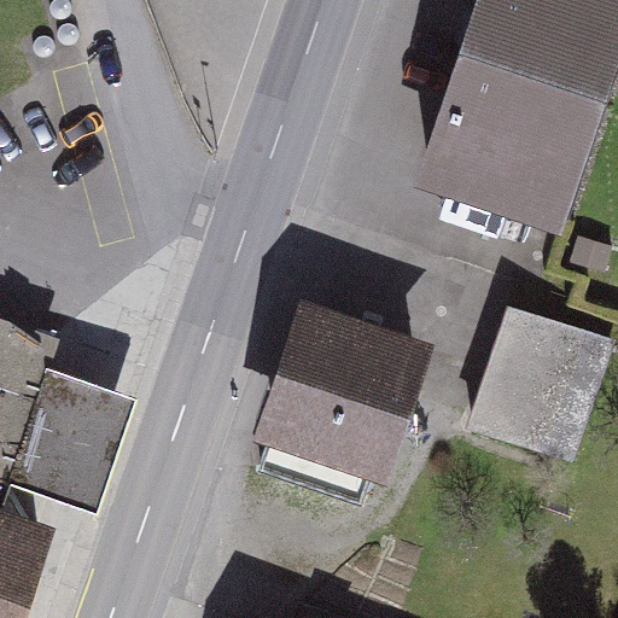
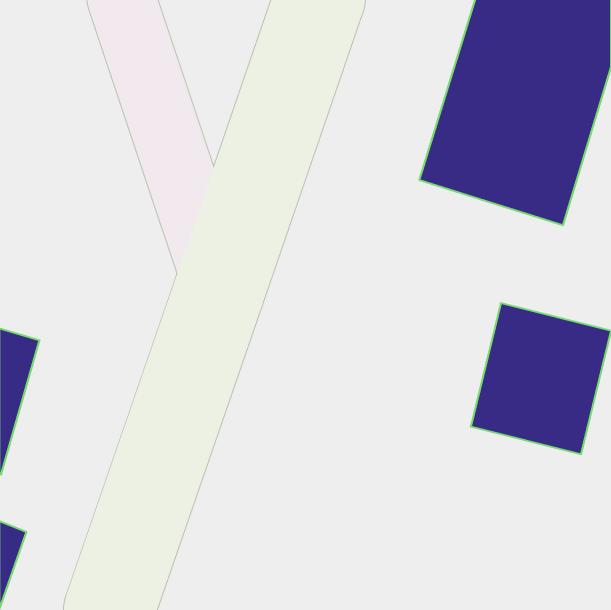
building: [245,316,426,506] -> none
building: [11,360,134,502] -> none

